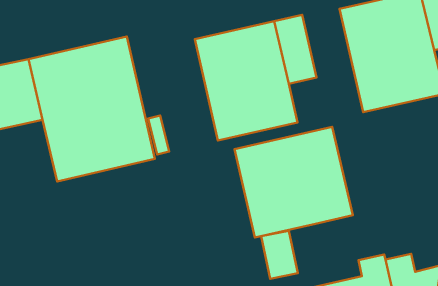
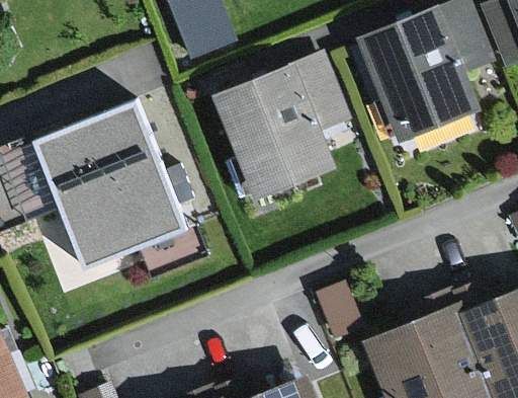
building: [234,127,353,238] -> none

